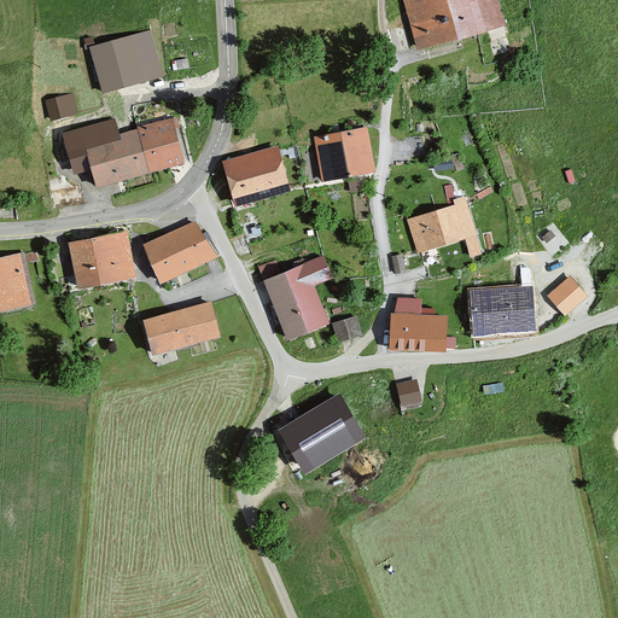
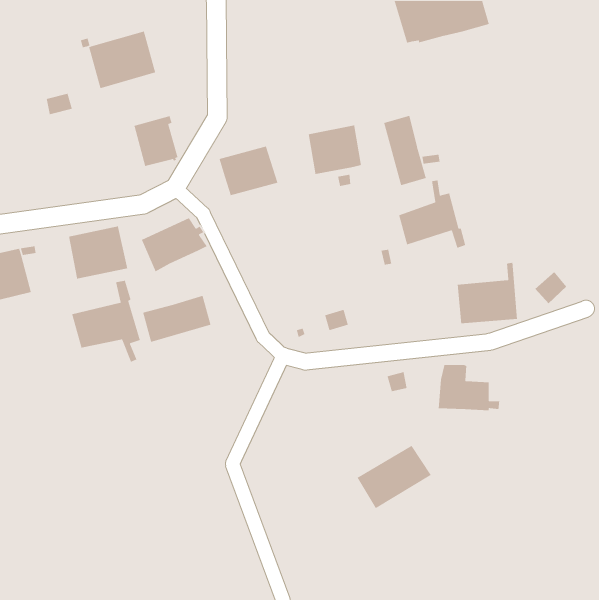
building: none -> [383,115,427,186]
building: [63,121,148,186] -> none
building: [260,258,330,338] -> none
building: none -> [71,280,141,363]
building: [390,299,454,348] -> [438,364,500,411]
building: [282,400,360,466] -> [357,445,432,509]

